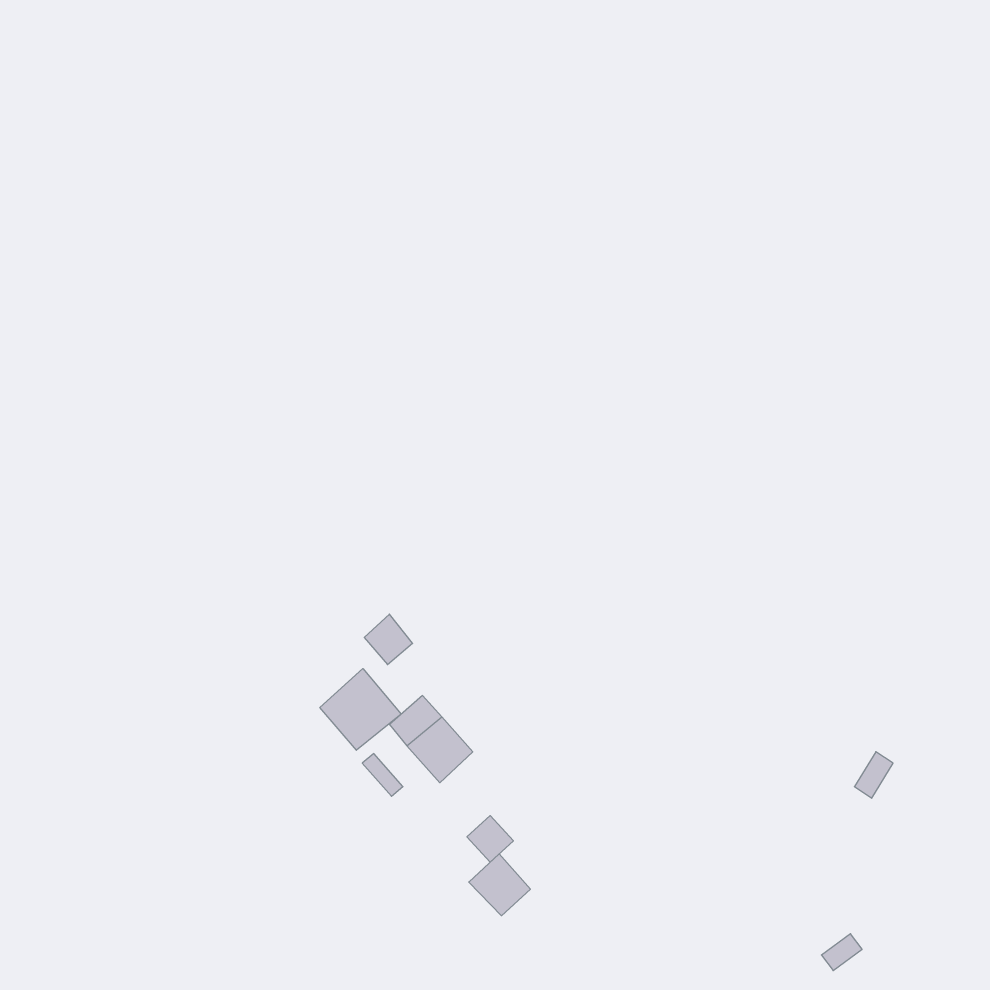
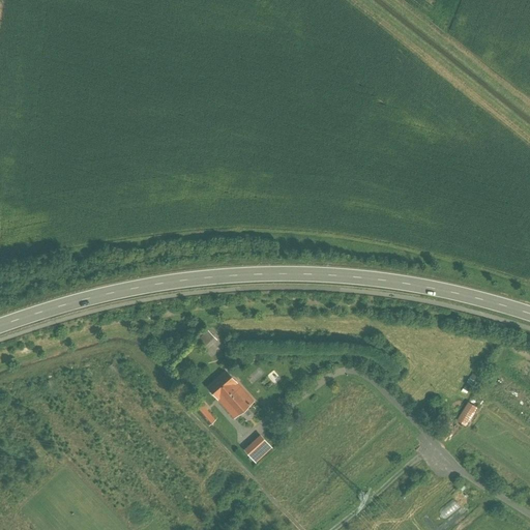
building: [320,669,401,750] -> none
building: [469,854,530,916] -> none

